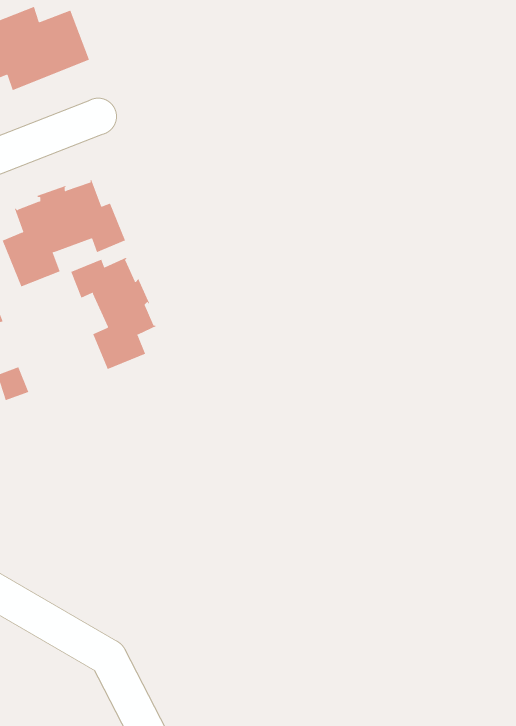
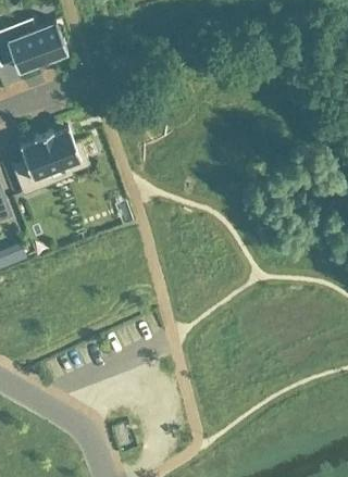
building: [70,257,157,370] -> none

